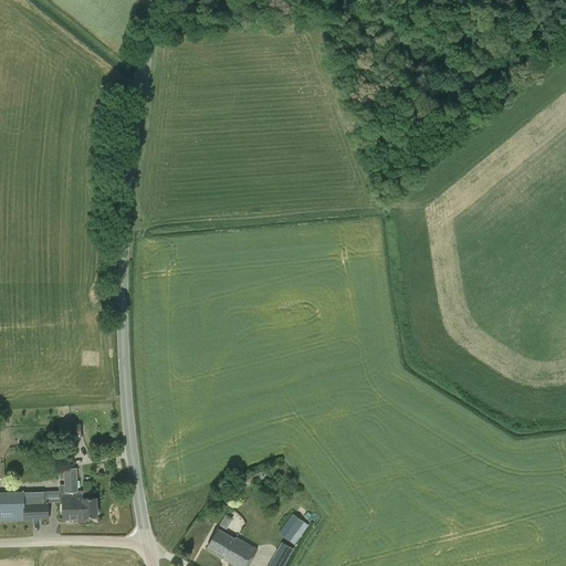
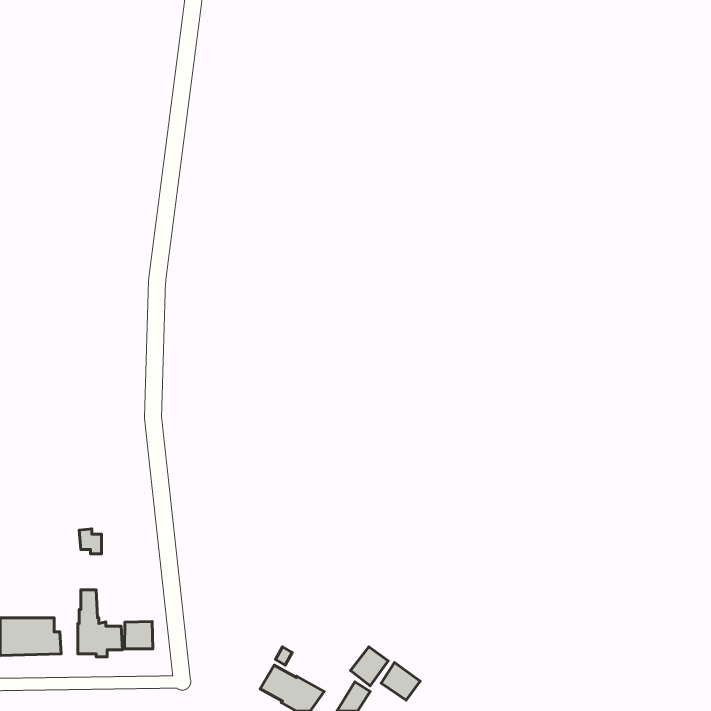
building: none -> [125,621,153,649]
building: none -> [381,663,420,700]

